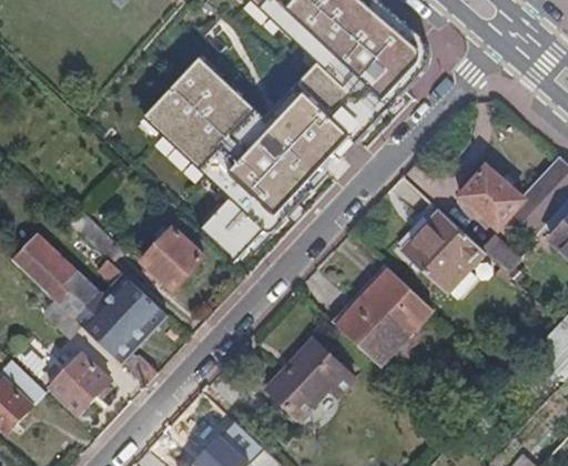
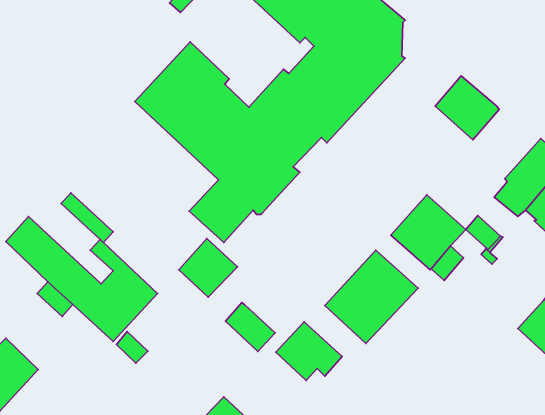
building: [457,164,523,230] -> [435,76,499,140]
building: [142,229,202,288] -> [179,239,237,297]
building: [58,343,118,404] -> none
building: [266,371,317,421] -> [225,303,275,351]

